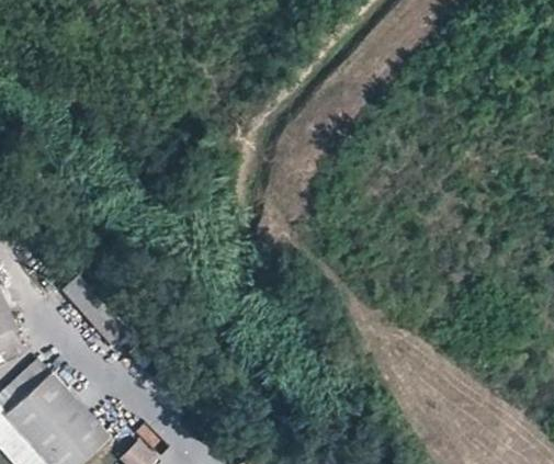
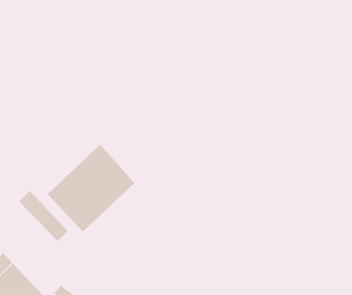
building: none -> [47,144,135,233]

